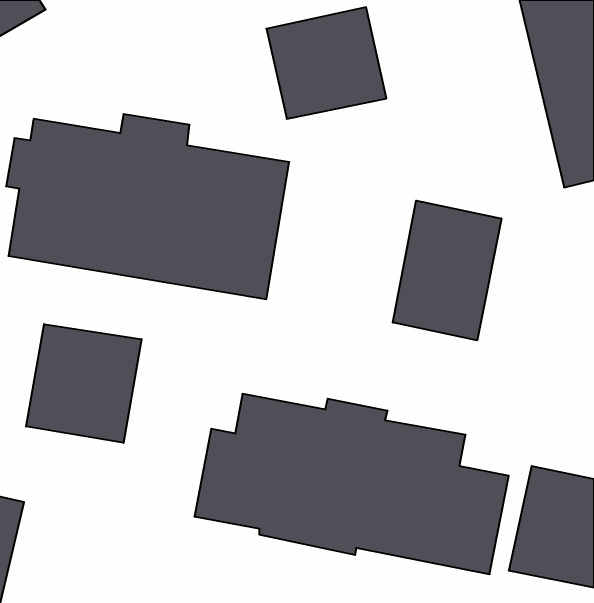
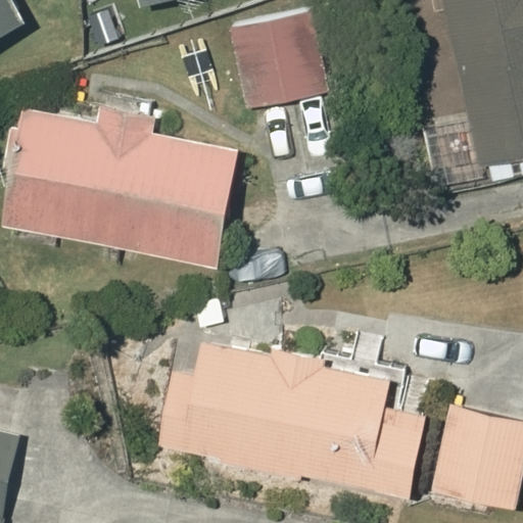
building: [393,201,501,340] -> none
building: [26,324,142,443] -> none

